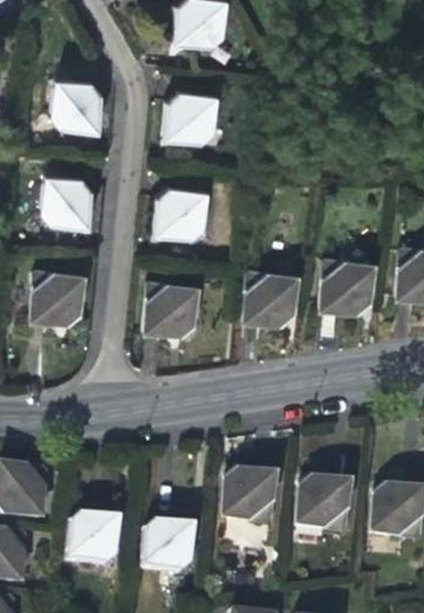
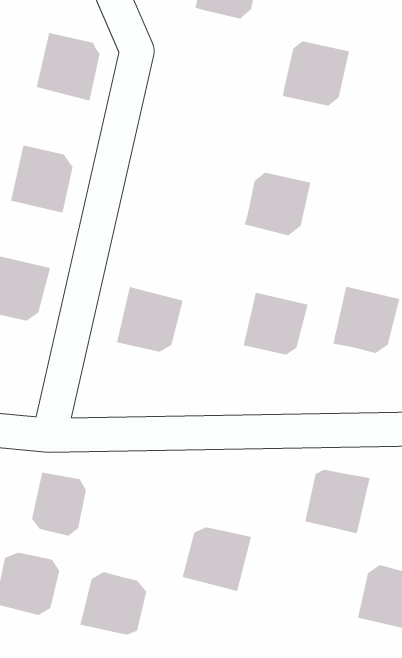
building: [163,95,214,146] -> [282,41,350,106]
building: [152,192,204,242] -> [244,172,311,236]
building: none -> [31,472,86,536]
building: [298,482,349,533] -> [304,469,370,534]

